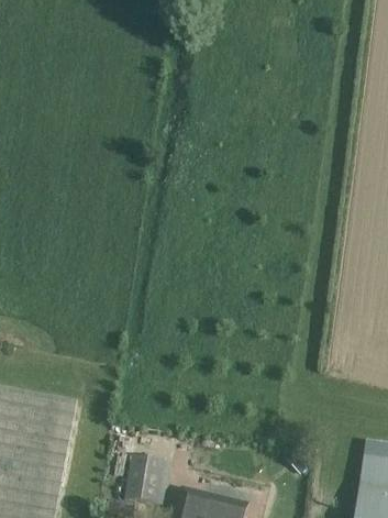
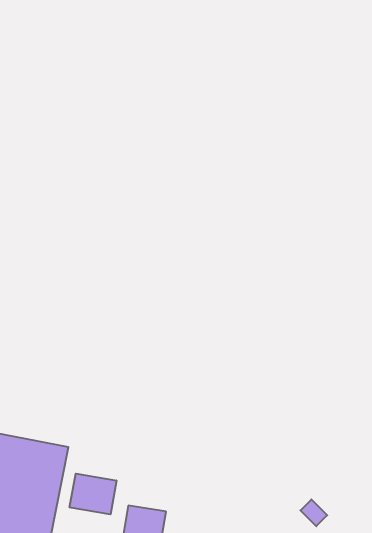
building: none -> [70,474,116,514]

